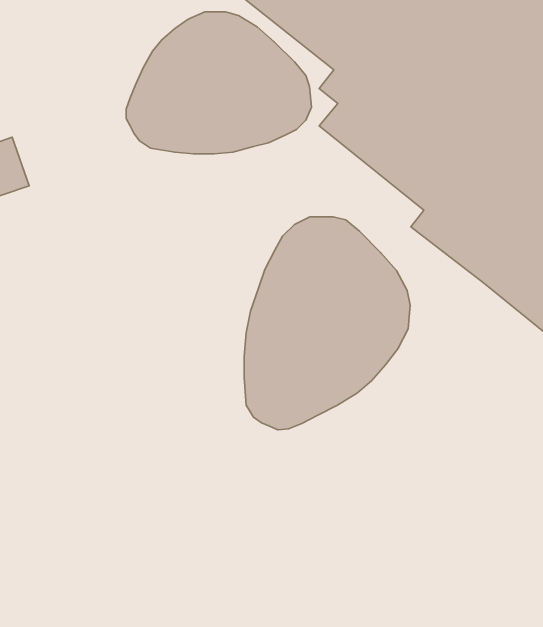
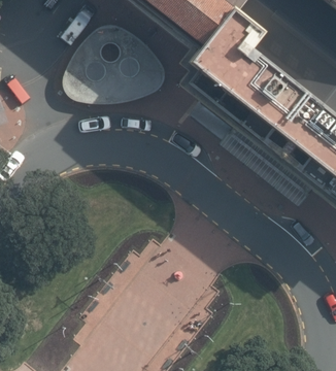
building: [244,217,410,430] -> none

